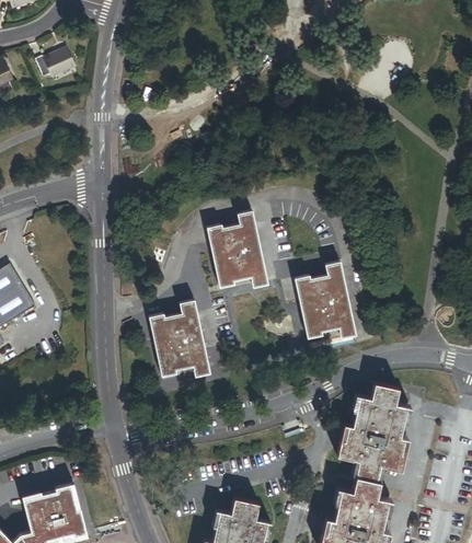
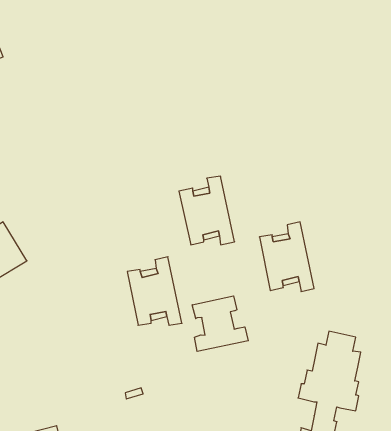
building: [35,49,74,78] -> none
building: none -> [192,296,248,351]

